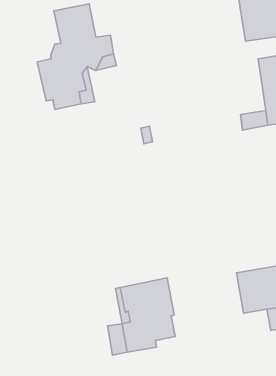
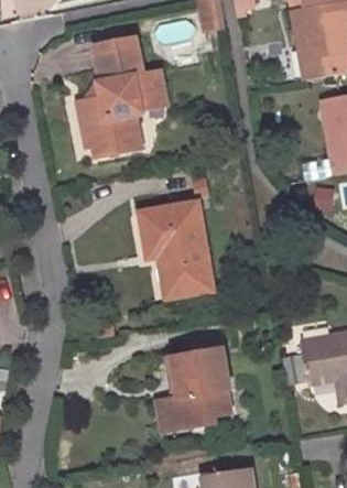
building: none -> [137,202,212,297]

